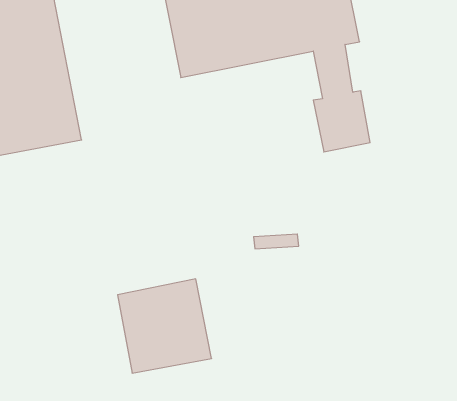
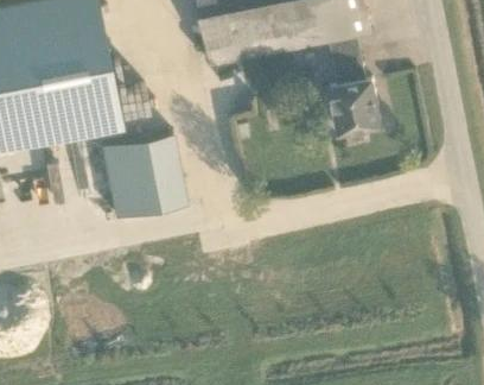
building: [118,279,212,373] -> [101,137,185,221]

